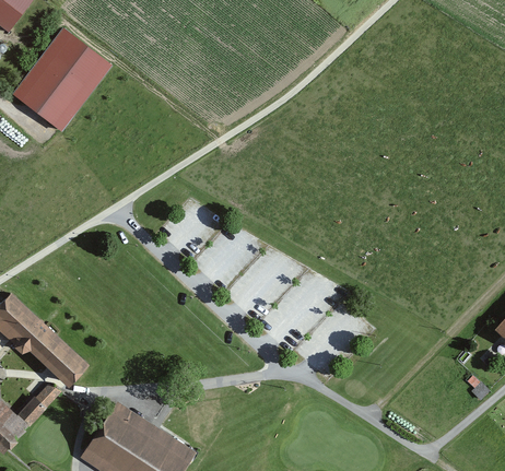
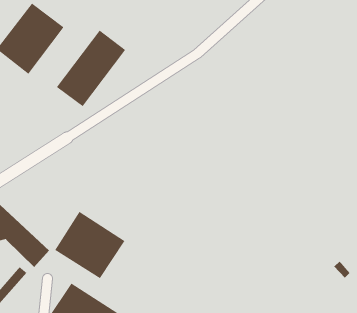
building: none -> [56,29,126,107]
building: none -> [54,211,125,279]

